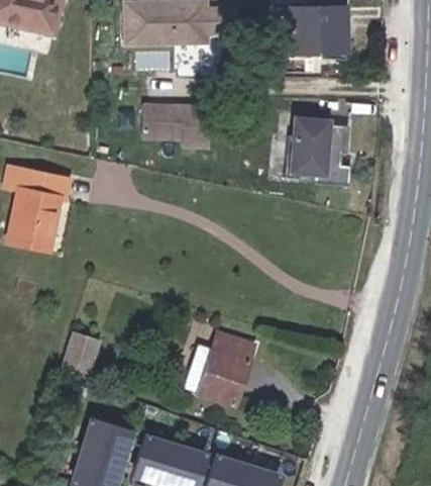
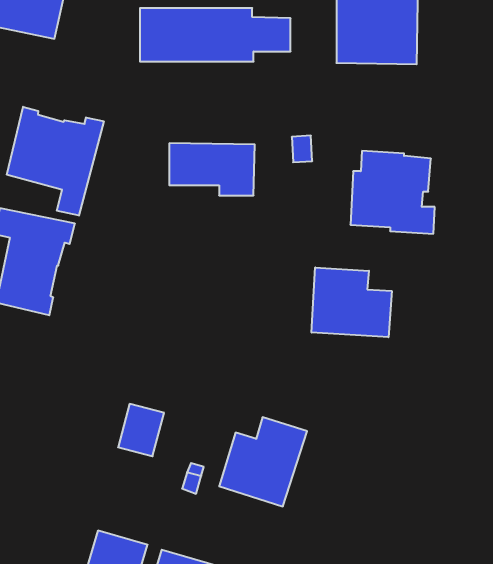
building: none -> [7,107,104,216]
building: none -> [312,267,392,337]
building: [65,331,101,373] -> [118,404,164,456]

